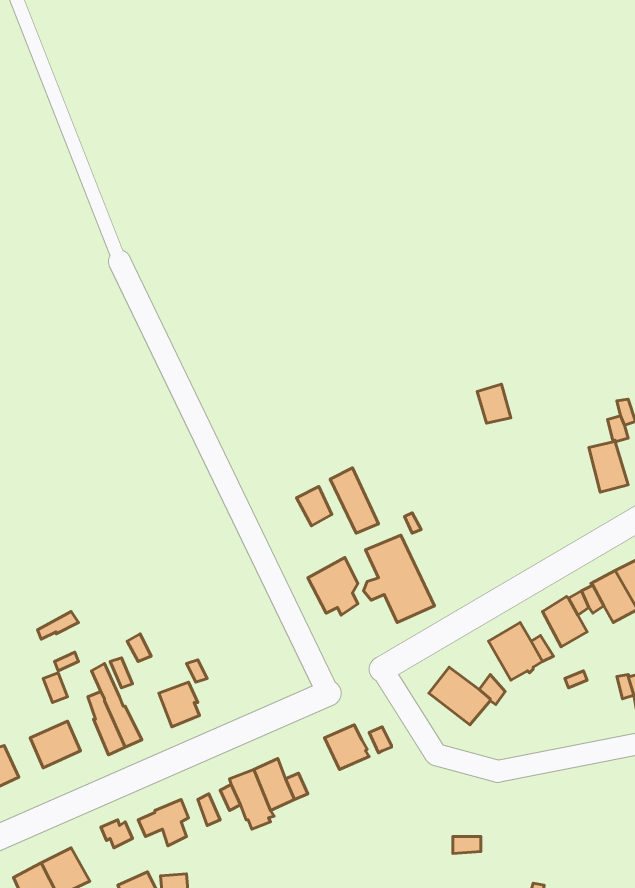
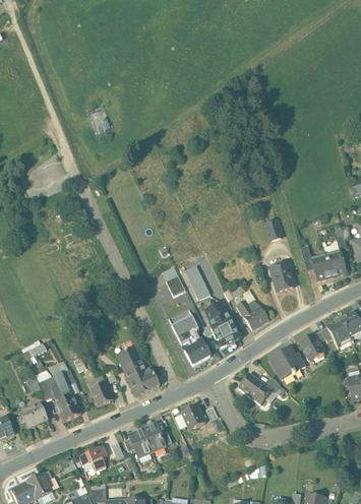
building: none -> [310,253,332,281]
building: none -> [270,263,294,292]
building: none -> [236,300,269,331]
building: none -> [185,337,210,365]
building: none -> [117,344,160,395]

